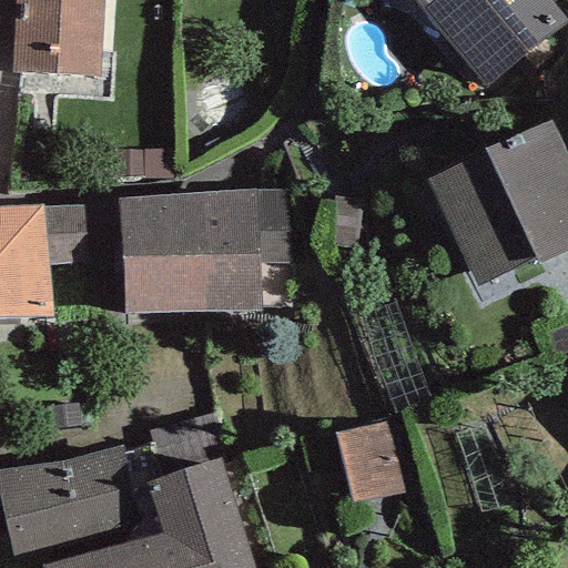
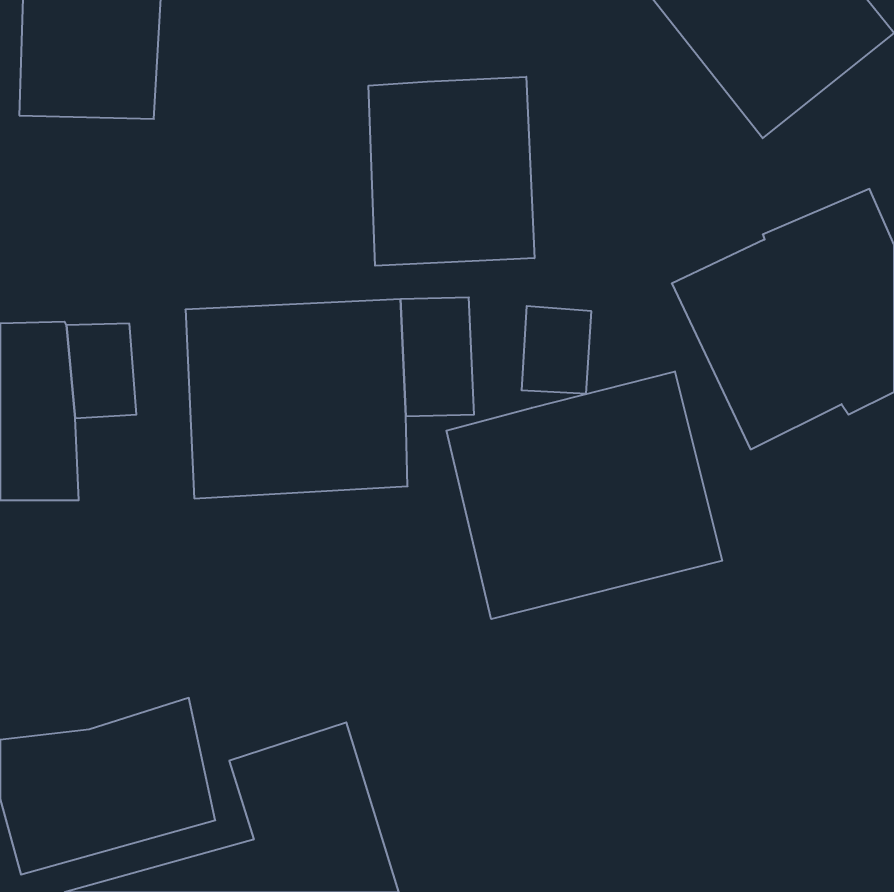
building: none -> [369,77,534,266]
building: none -> [446,371,722,619]
building: [335,419,405,501] -> none

